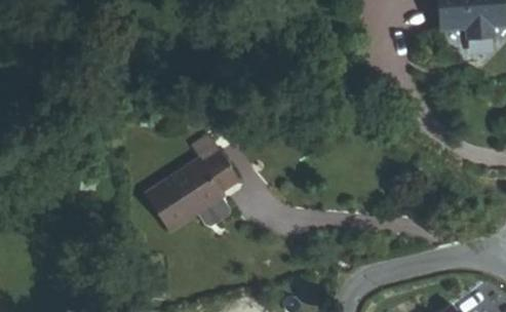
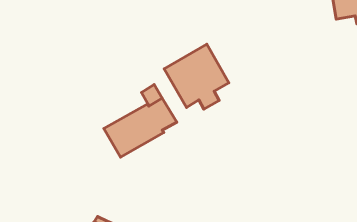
building: none -> [164,44,229,109]

